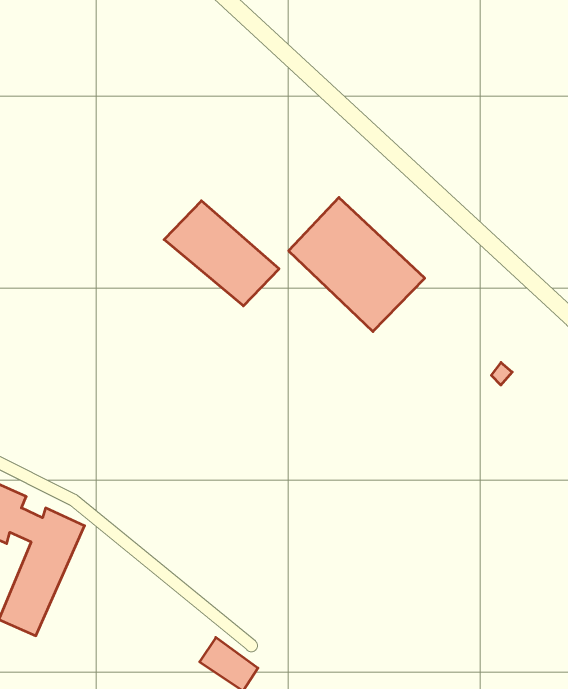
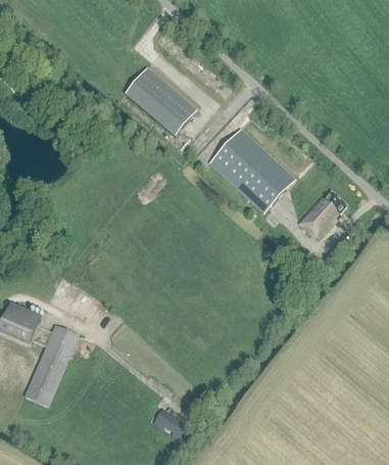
building: [164,201,279,306] -> [124,65,196,132]
building: none -> [297,191,346,238]

